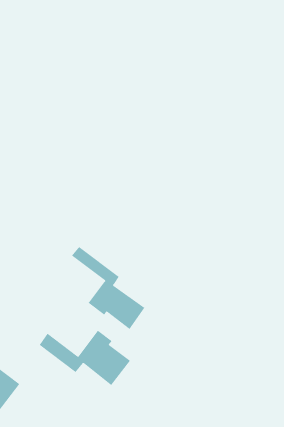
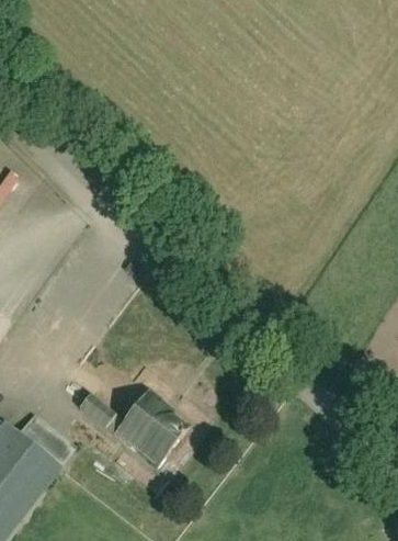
building: [71,246,145,330] -> none

